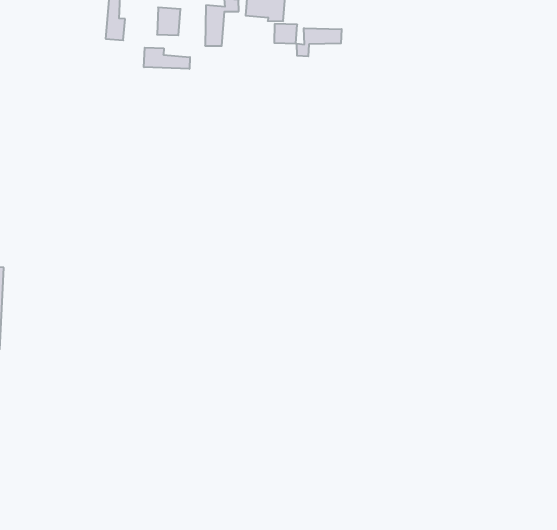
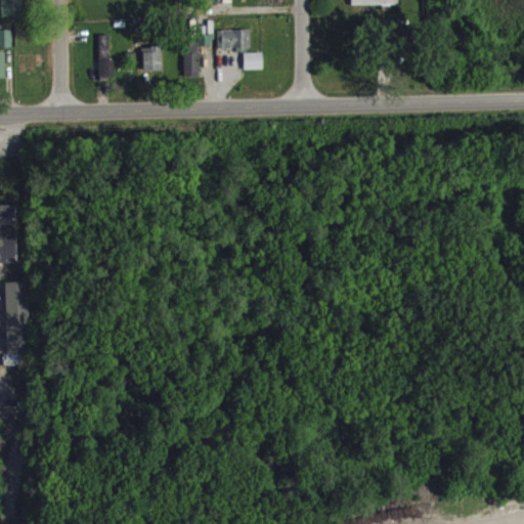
building: [297,28,342,56] -> none
building: [144,48,190,69] -> none

